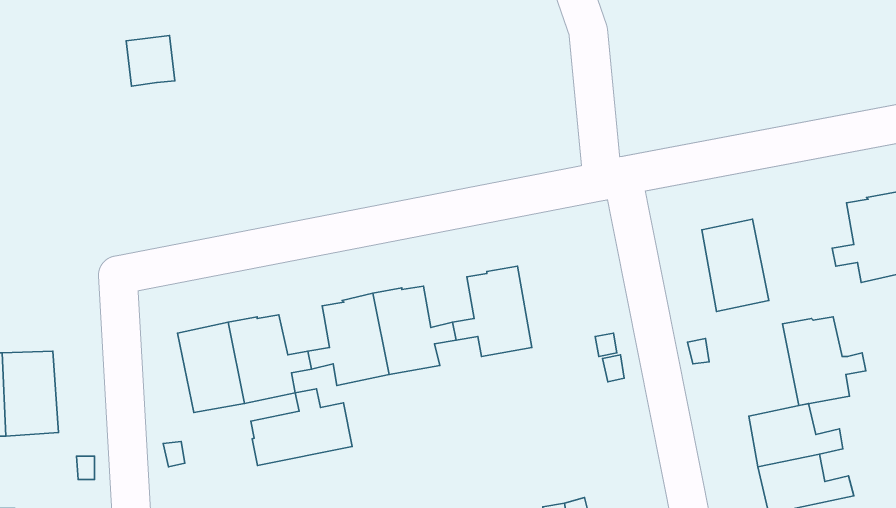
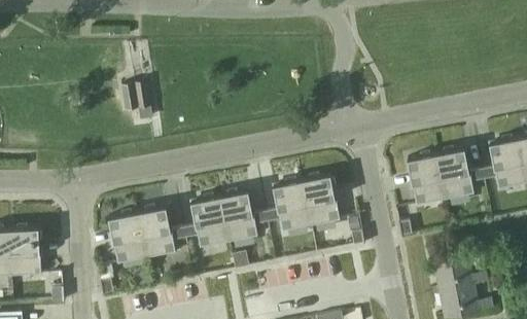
building: [126,35,175,86] -> [122,82,150,111]
building: none -> [303,174,340,226]
building: [783,317,866,405] -> [436,149,484,200]
building: [251,389,352,465] -> none

